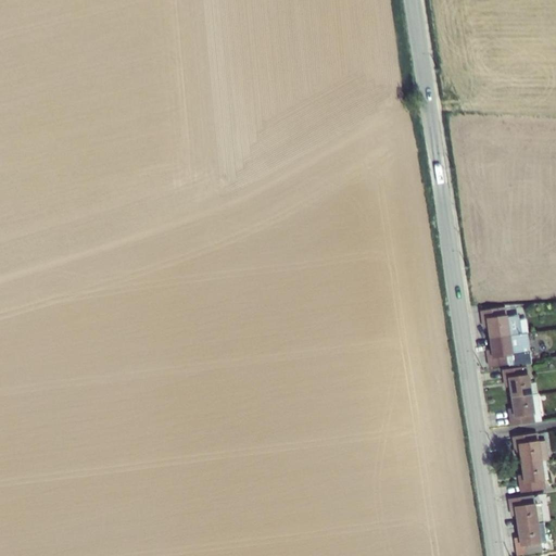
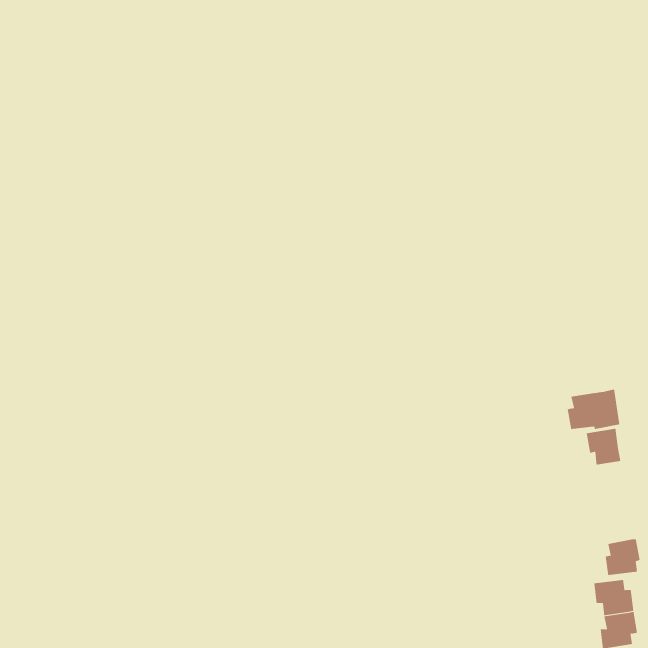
building: [480,308,529,340] -> none
building: [508,394,542,427] -> none
building: [511,433,548,466] -> none

